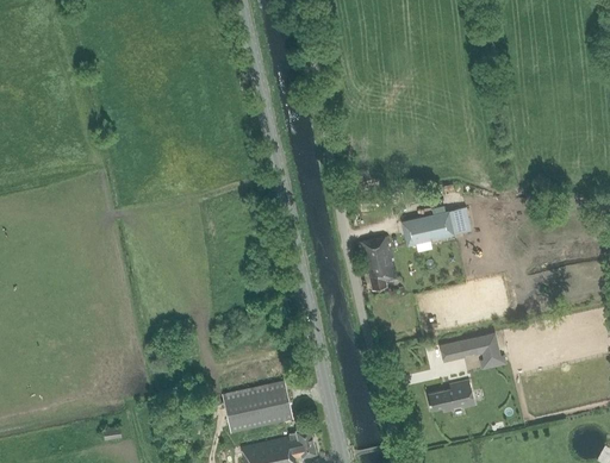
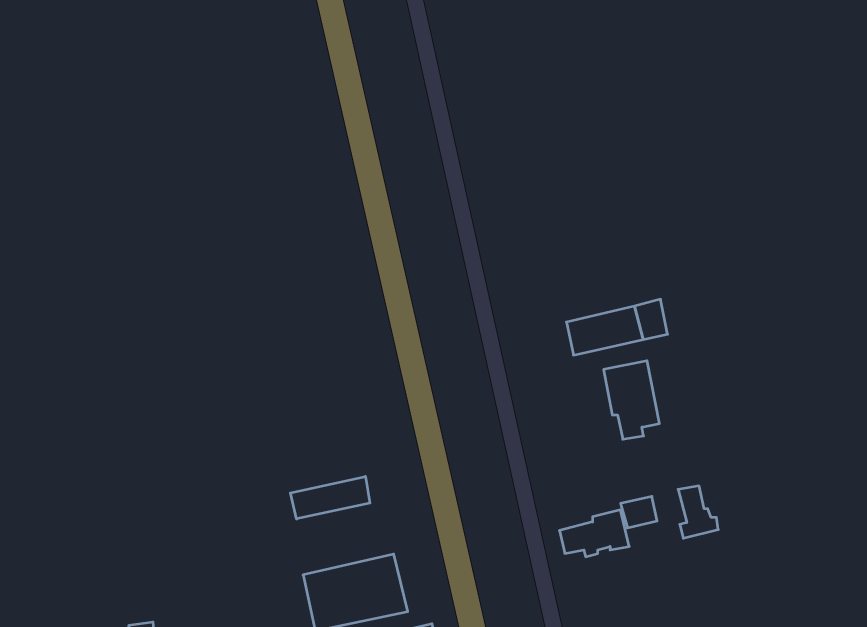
building: [359,236,397,289] -> [604,361,659,439]
building: none -> [290,476,370,519]
building: [427,380,474,412] -> [559,510,629,557]

